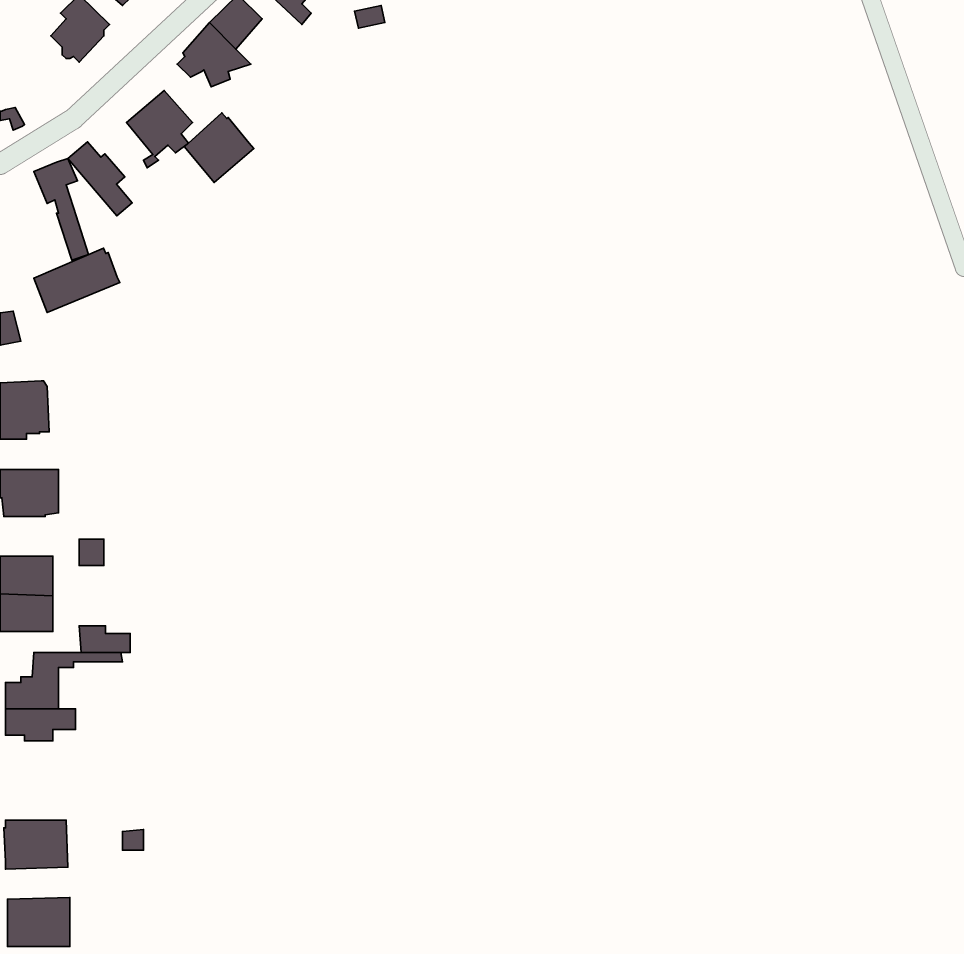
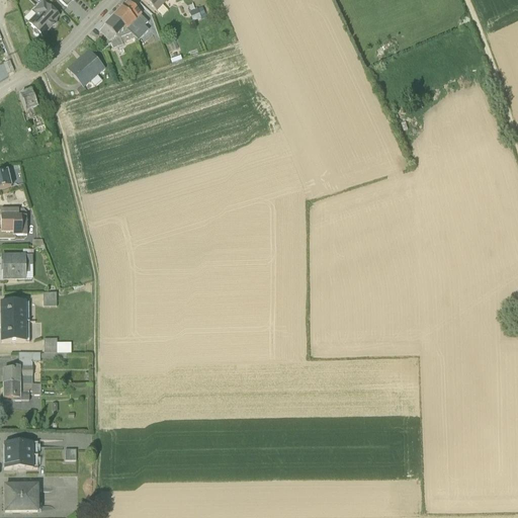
building: [185,113,254,182] -> none
building: [68,142,132,216] -> none
building: [34,248,120,312] -> none

